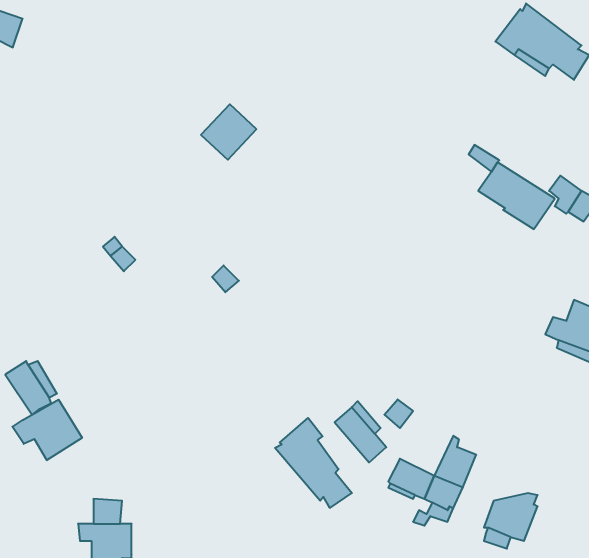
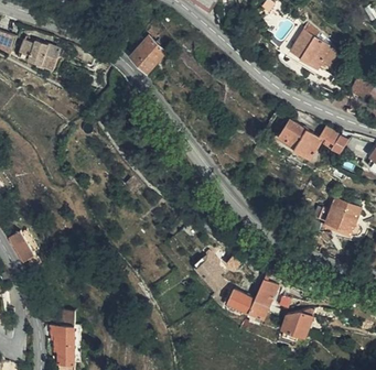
building: none -> [20,41,61,69]
building: [201,104,256,160] -> [131,40,163,72]
building: [12,400,82,460] -> none
building: [275,418,352,508] -> none

